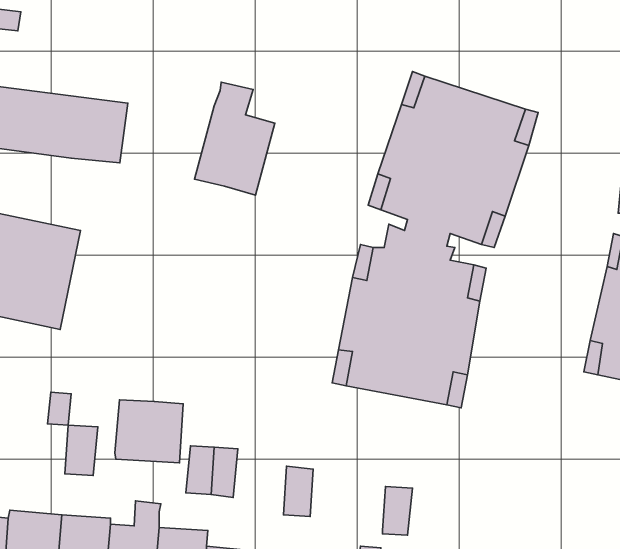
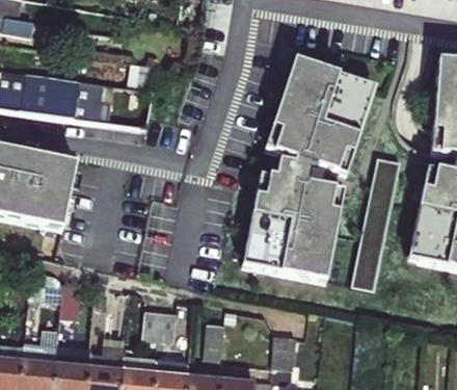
building: [194,82,275,195] -> none
building: none -> [349,157,399,290]
building: [115,400,183,463] -> none

